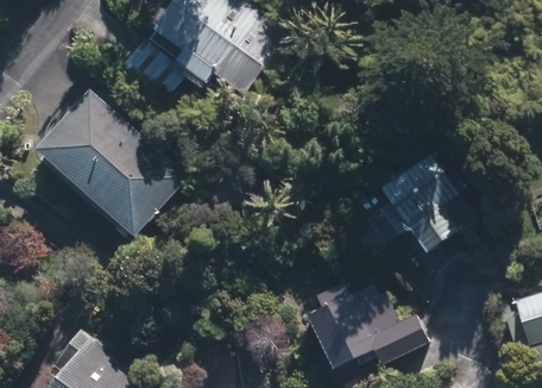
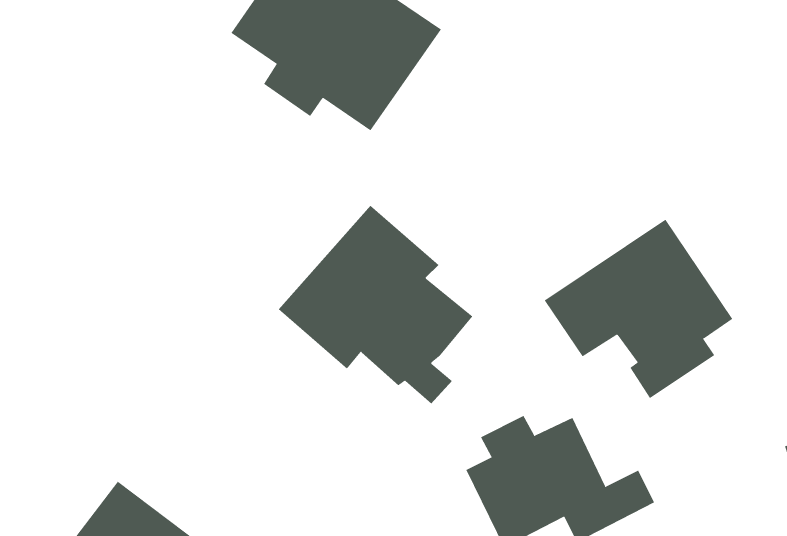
building: [33,88,188,236] -> none
building: none -> [278,205,473,404]

